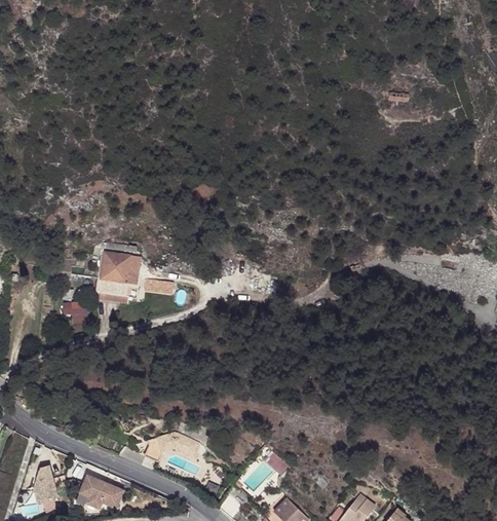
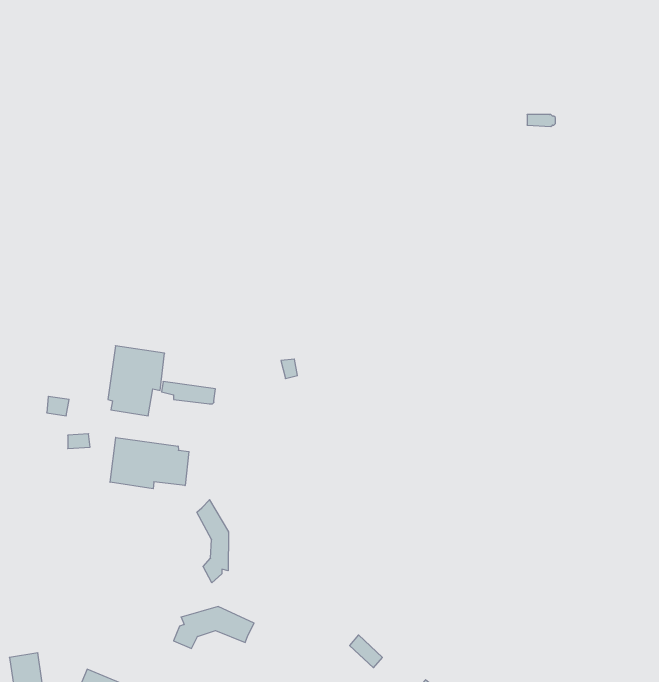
building: none -> [110,437,189,489]
building: none -> [197,500,228,583]

